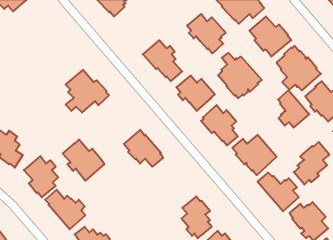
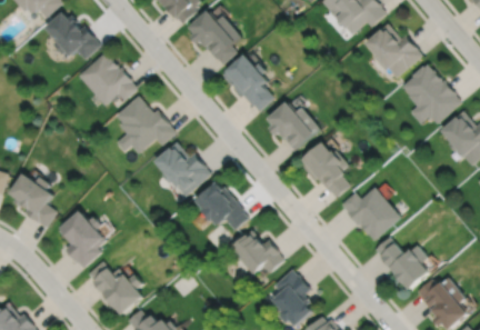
building: none -> [46,13,100,60]
building: [187,14,226,53] -> [187,12,239,66]
building: none -> [78,53,137,106]
building: [218,53,262,98] -> none
building: [278,90,309,128] -> none
building: [63,140,104,181] -> [153,139,210,194]
building: [294,142,329,185] -> none
building: none -> [231,228,283,271]

